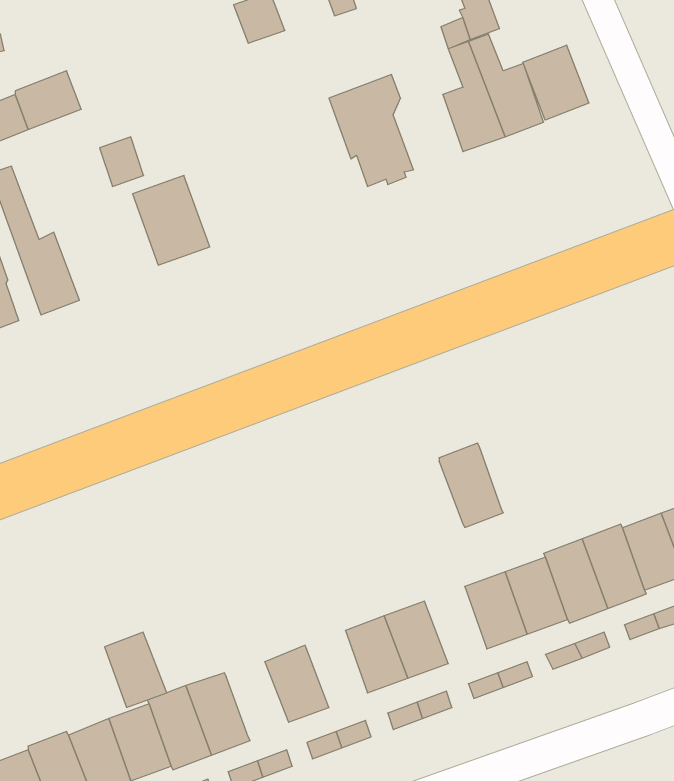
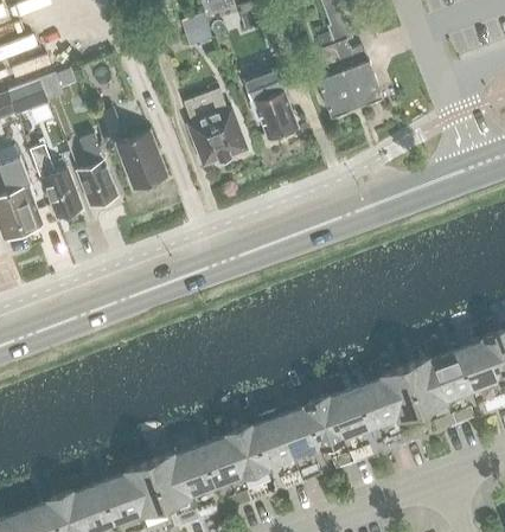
building: [523,45,589,120] -> none
building: none -> [183,90,247,167]
building: none -> [78,133,119,207]
building: [439,443,503,527] -> [305,396,346,450]
building: none -> [226,424,269,479]
building: [105,632,167,707] -> [177,447,217,495]

